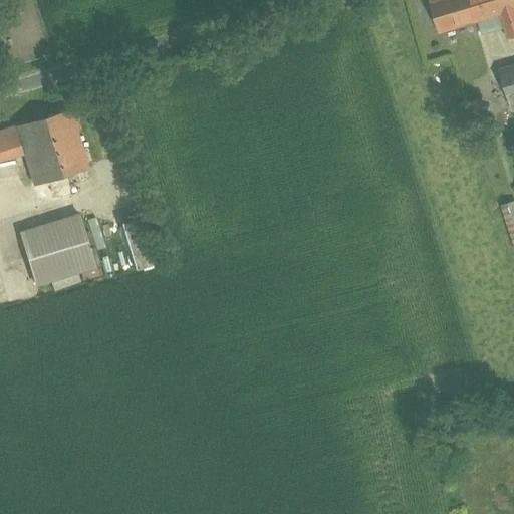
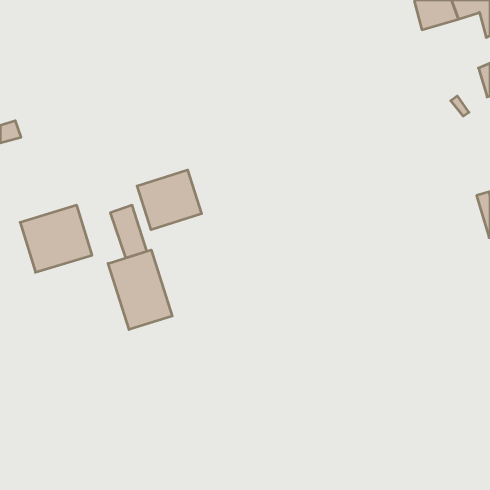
building: [18,109,88,185] -> none
building: none -> [137,170,202,230]
building: none -> [108,250,172,330]

